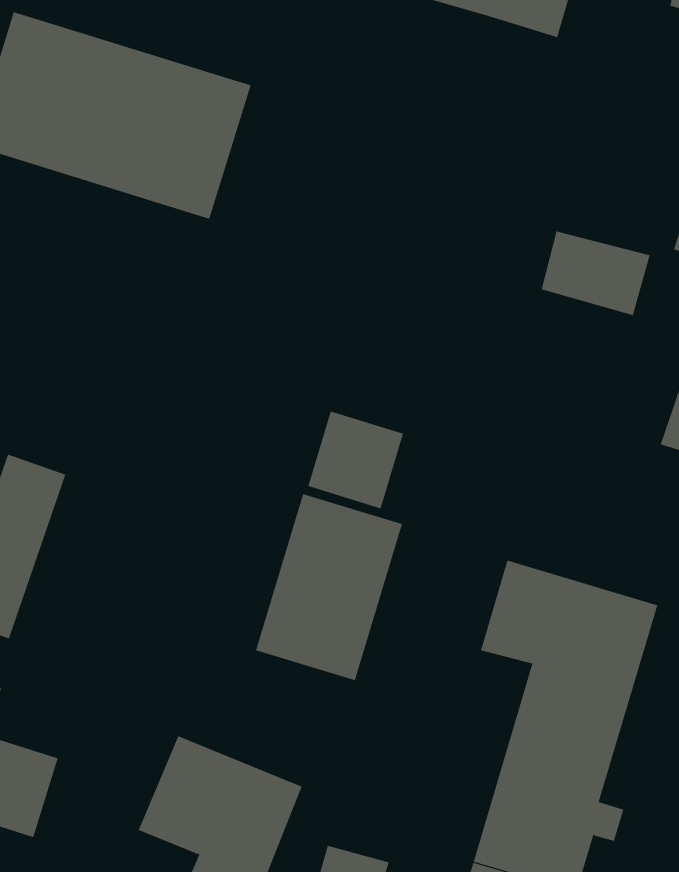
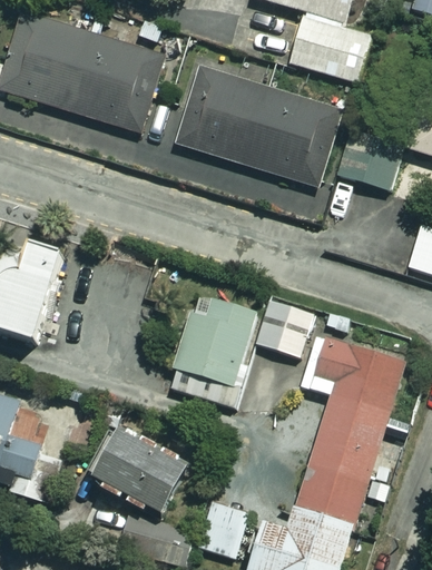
building: none -> [289,11,372,80]
building: none -> [175,63,341,186]
building: [307,411,404,509] -> [255,297,312,355]

